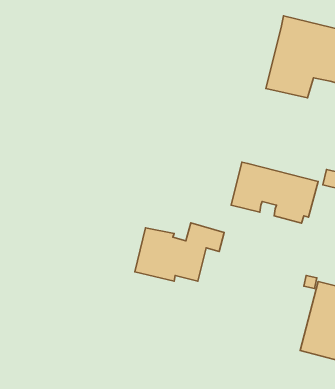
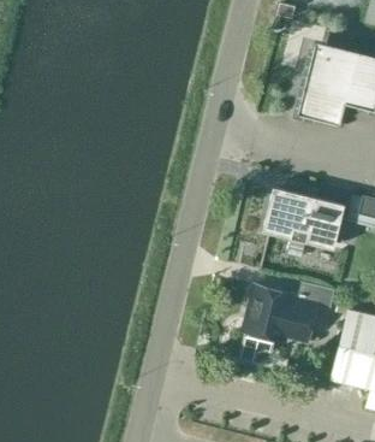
building: [135,223,224,281] -> [244,282,334,341]

